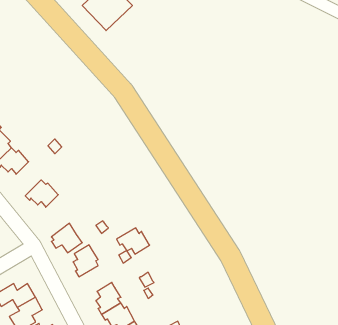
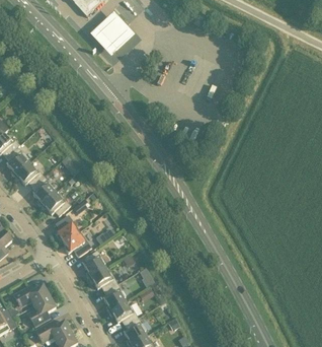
building: none -> [31,175,54,205]
building: none -> [54,213,79,241]
building: [117,228,150,254] -> [87,267,116,290]

